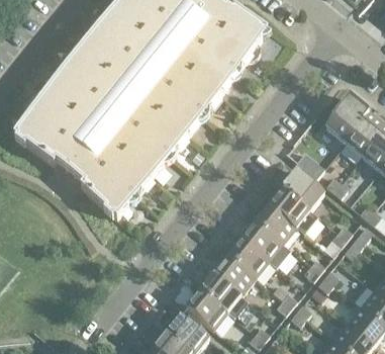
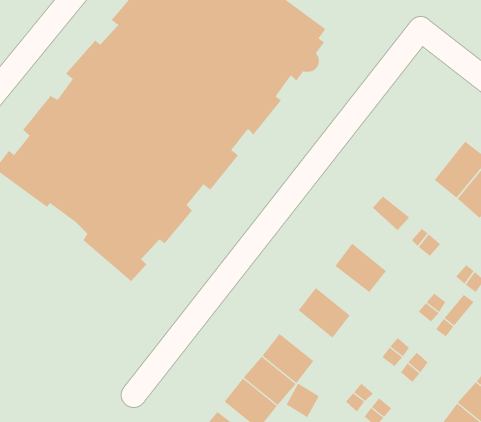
building: [324,96,366,140] -> none
building: [281,169,321,208] -> none
building: [254,204,294,242] -> none
building: [226,238,267,276] -> none

